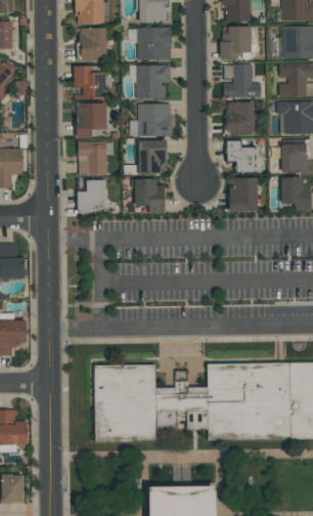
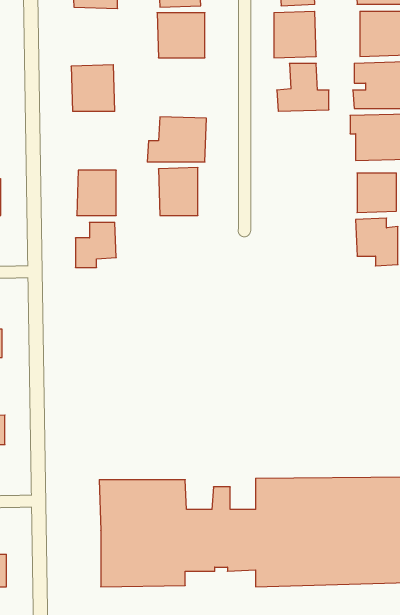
building: [79,28,106,60] -> none
building: [135,64,171,98] -> none
building: [225,101,254,134] -> none
building: [76,102,106,137] -> none
building: [226,139,256,172] -> none
building: [229,177,258,211] -> none
building: [134,178,165,212] -> none

